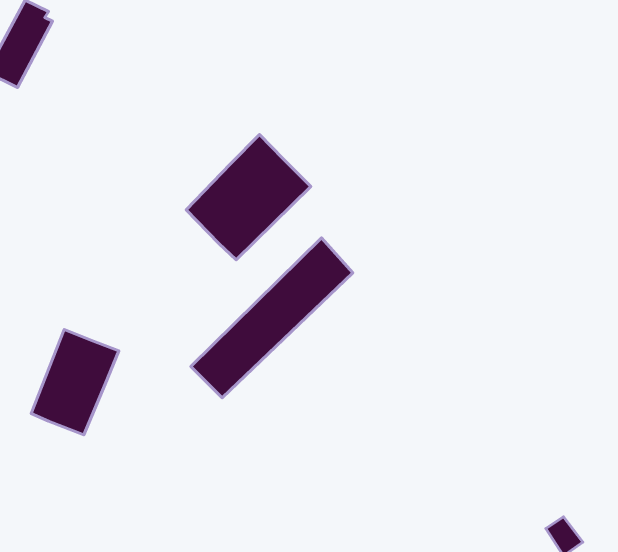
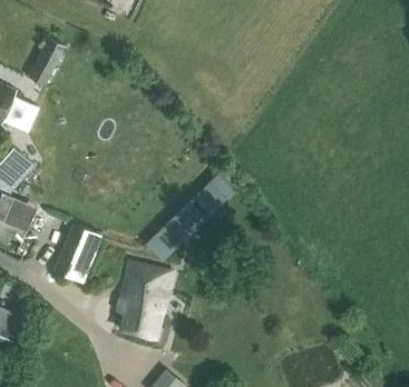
building: [186,134,311,260] -> none
building: none -> [117,261,174,341]

